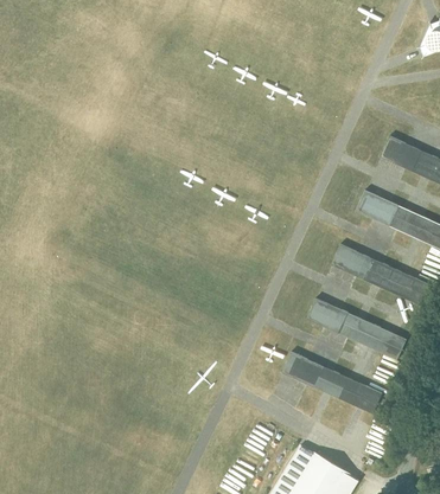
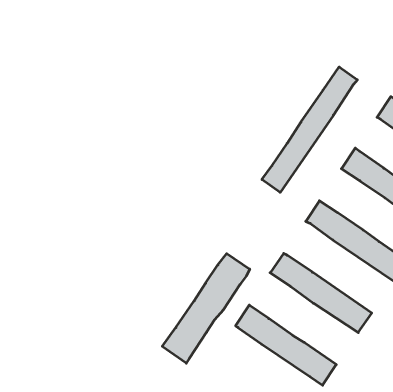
building: none -> [262,67,357,192]
building: none -> [162,254,250,363]

